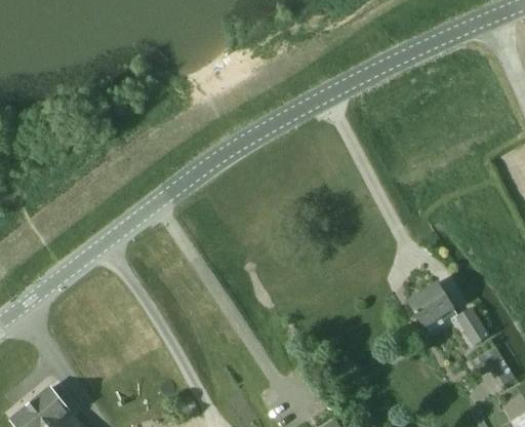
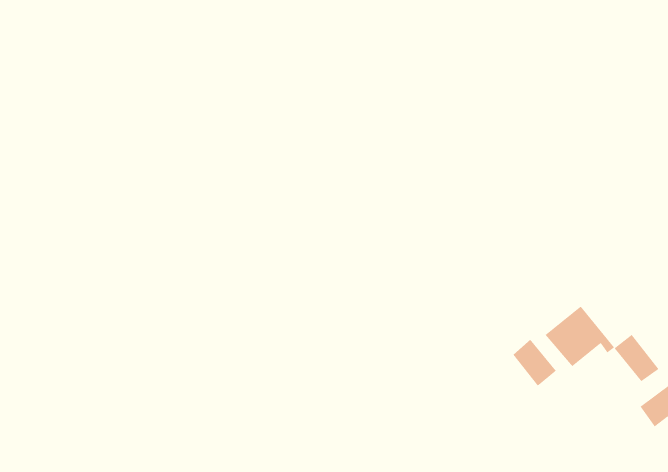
building: none -> [512,339,557,387]

